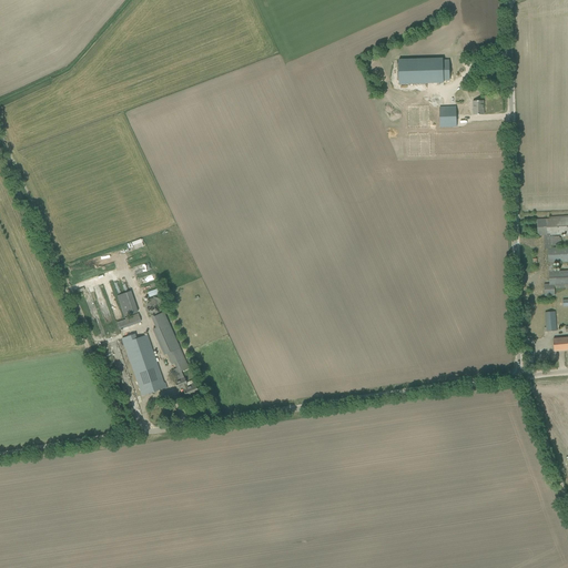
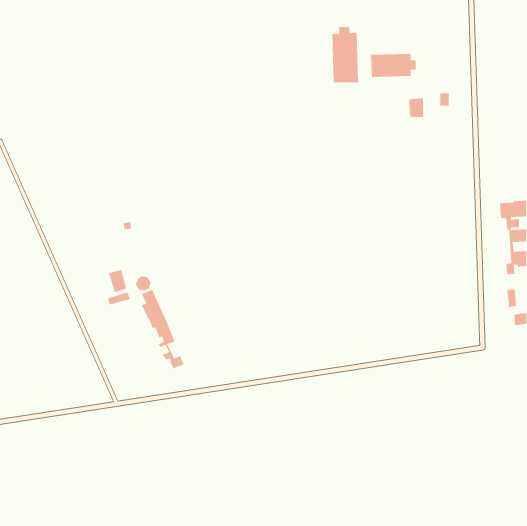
building: none -> [332,26,358,83]
building: [122,333,165,395] -> none

